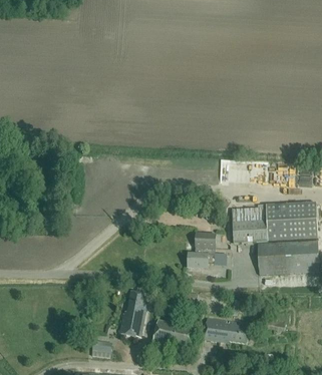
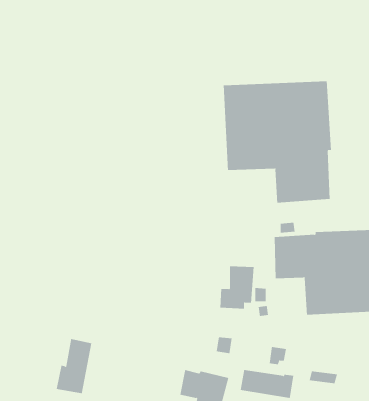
building: none -> [223,81,331,203]
building: [118,291,148,337] -> [56,338,92,394]

